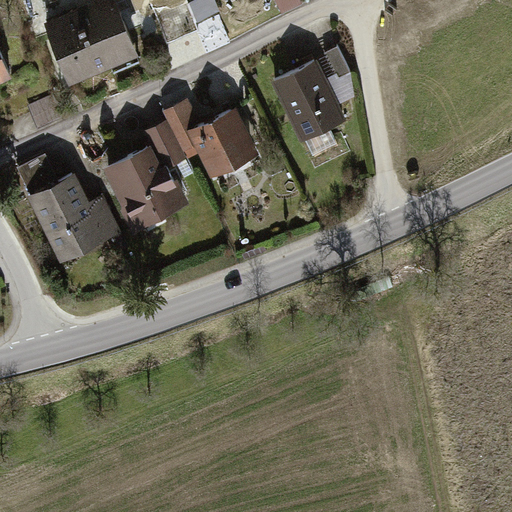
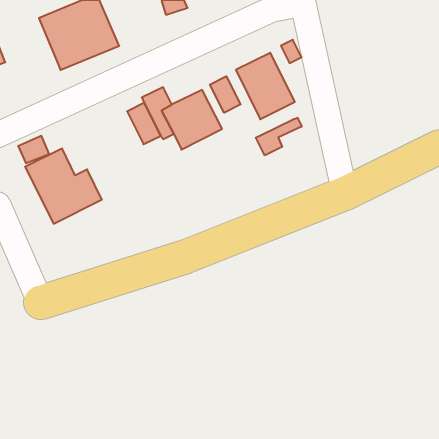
building: none -> [210,76,241,113]
building: none -> [256,118,302,155]
building: [105,144,182,228] -> none

